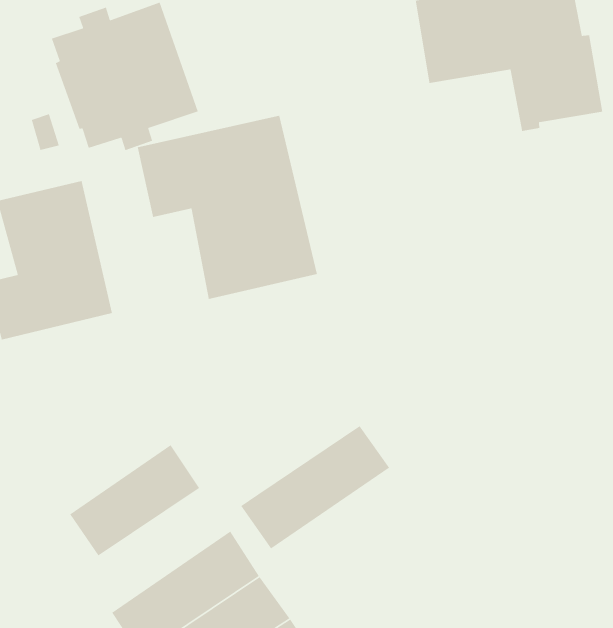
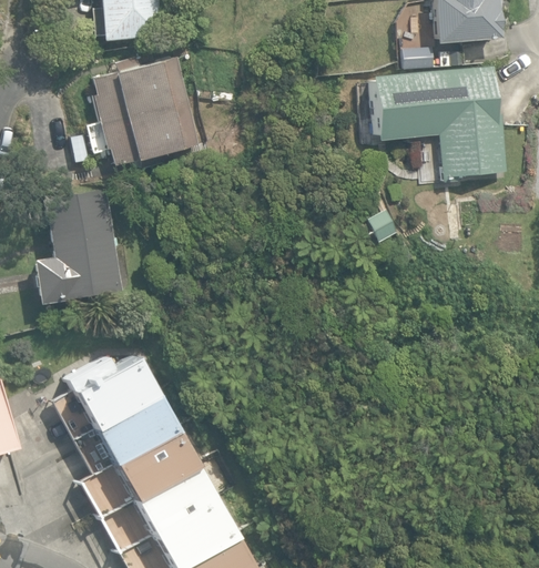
building: [137,115,318,300] -> none
building: none -> [52,355,156,438]
building: [240,425,390,550] -> [79,428,195,516]

